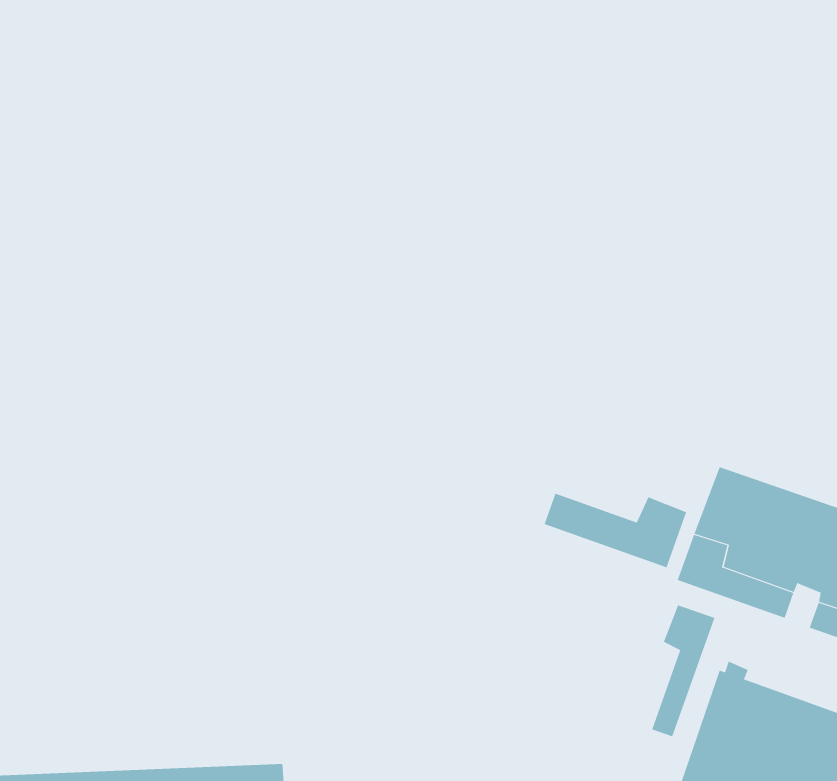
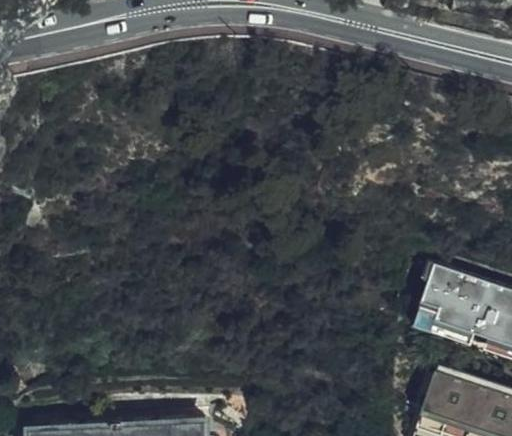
building: [544,493,687,568] -> none
building: [652,604,715,737] -> none

